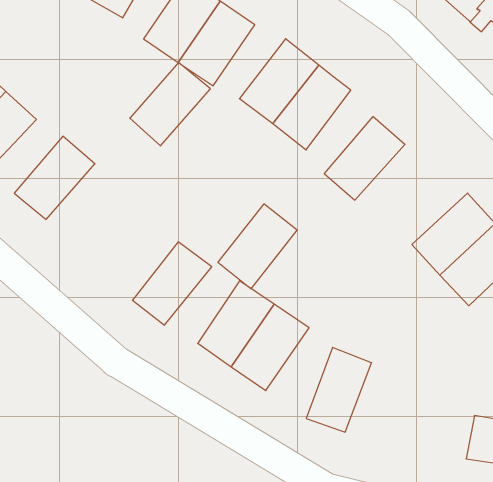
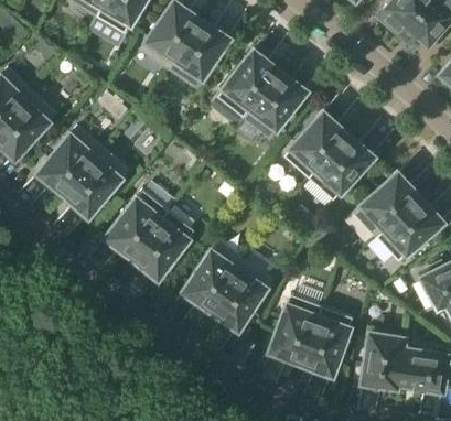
building: [130,62,210,146] -> [64,150,128,216]
building: none -> [309,134,373,201]
building: [218,204,297,289] -> [106,191,169,258]
building: none -> [301,307,353,375]
building: none -> [363,335,405,388]

